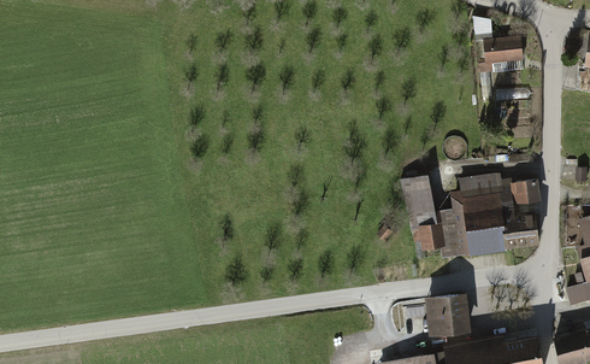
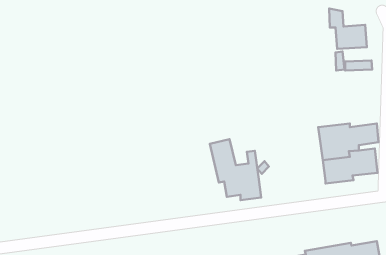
building: [401,175,470,257] -> [210,139,261,200]
building: [424,294,471,337] -> none

